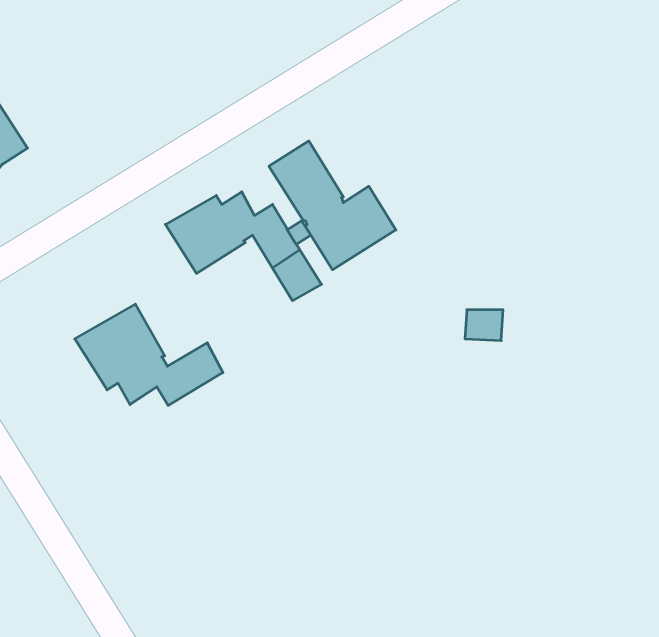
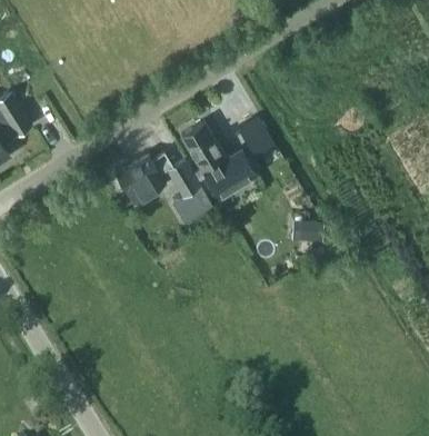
building: none -> [238,119,271,156]
building: [75,304,223,405] -> none

